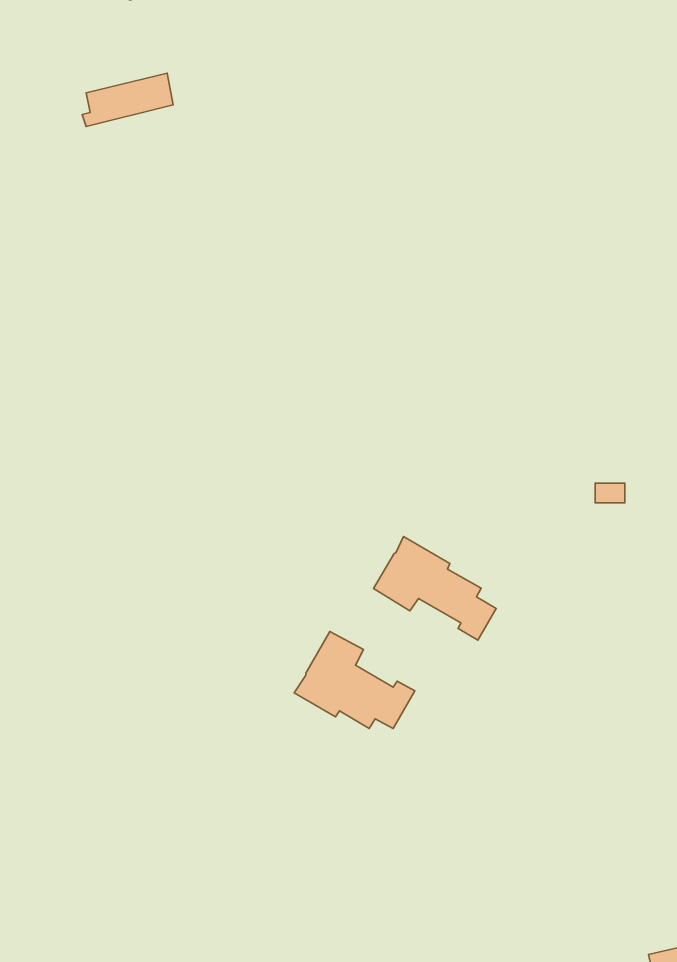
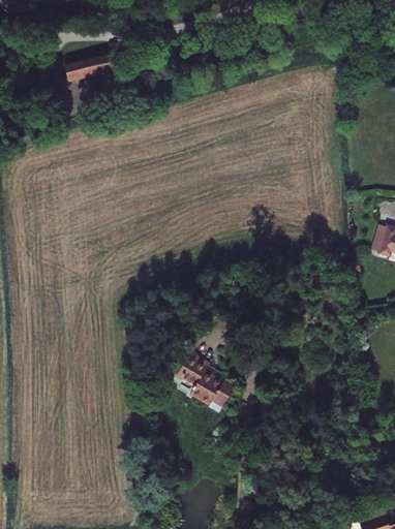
building: [374,537,496,640] -> none

